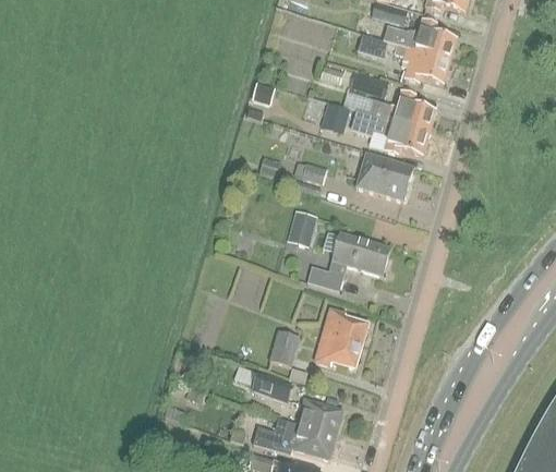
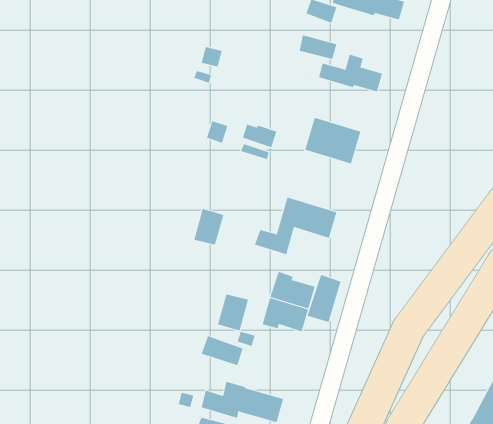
building: [394,44,451,83] -> none
building: [321,102,351,134] -> none
building: [351,110,430,155] -> none
building: [287,210,317,247] -> [194,208,224,245]
building: none -> [307,274,341,323]
building: [298,399,342,435] -> none

